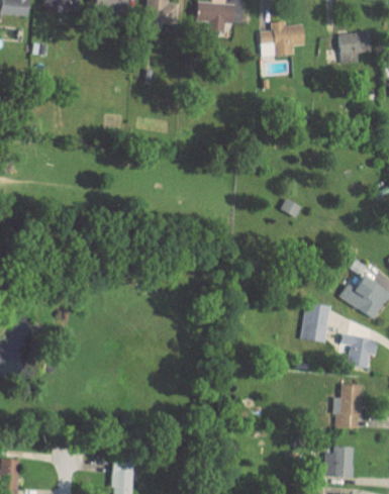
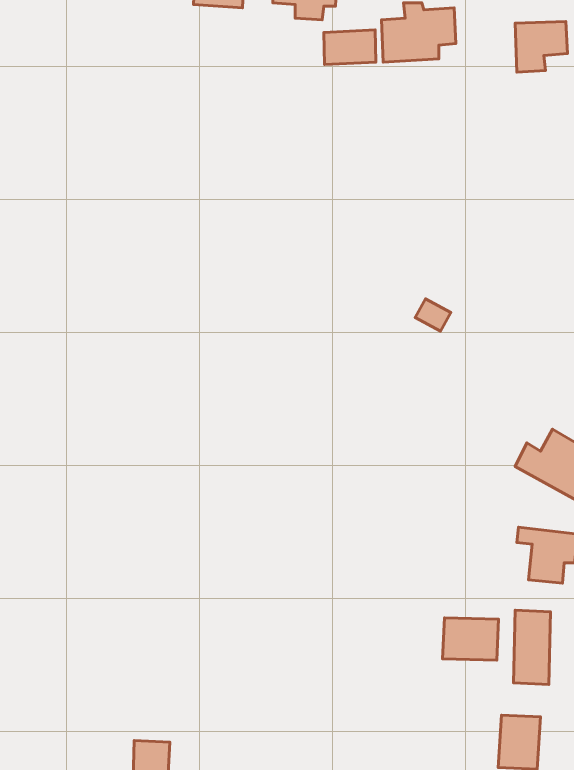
building: none -> [324,30,376,64]
building: [300,302,331,343] -> none
building: none -> [443,618,499,660]

